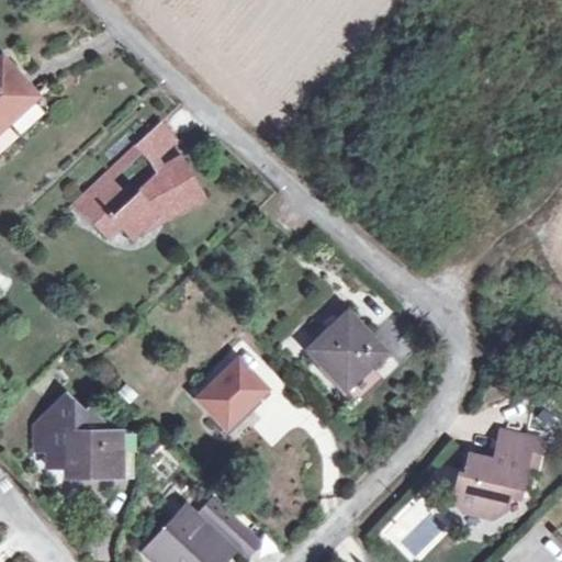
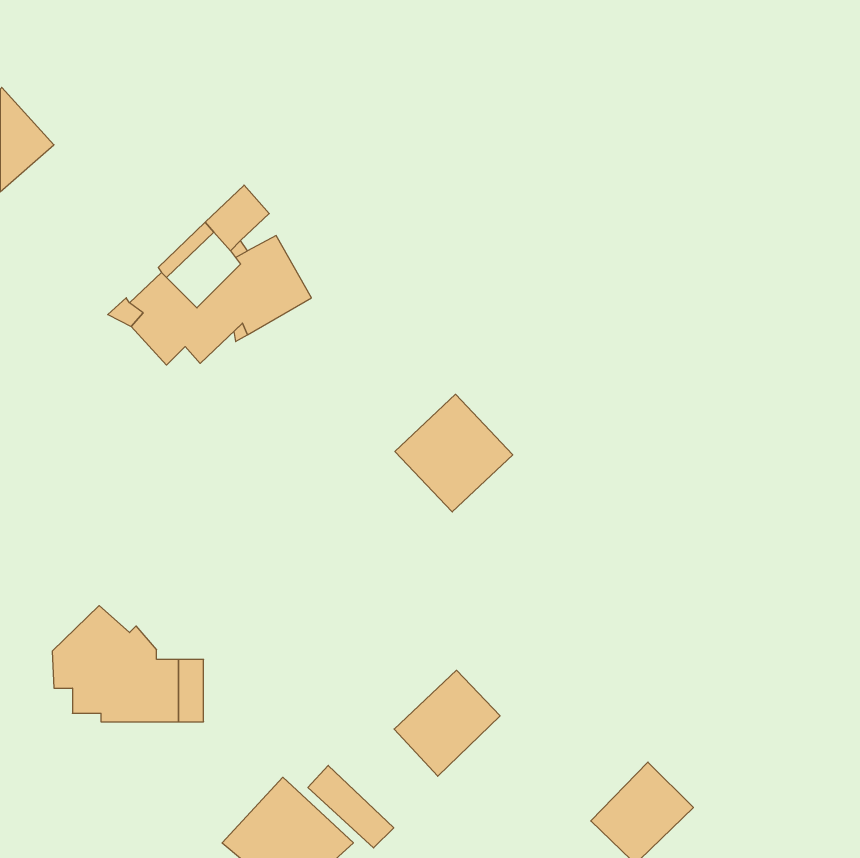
building: [307,312,384,389] -> [395,394,513,512]
building: [196,359,266,428] -> [394,670,500,776]
building: [453,434,533,518] -> none

